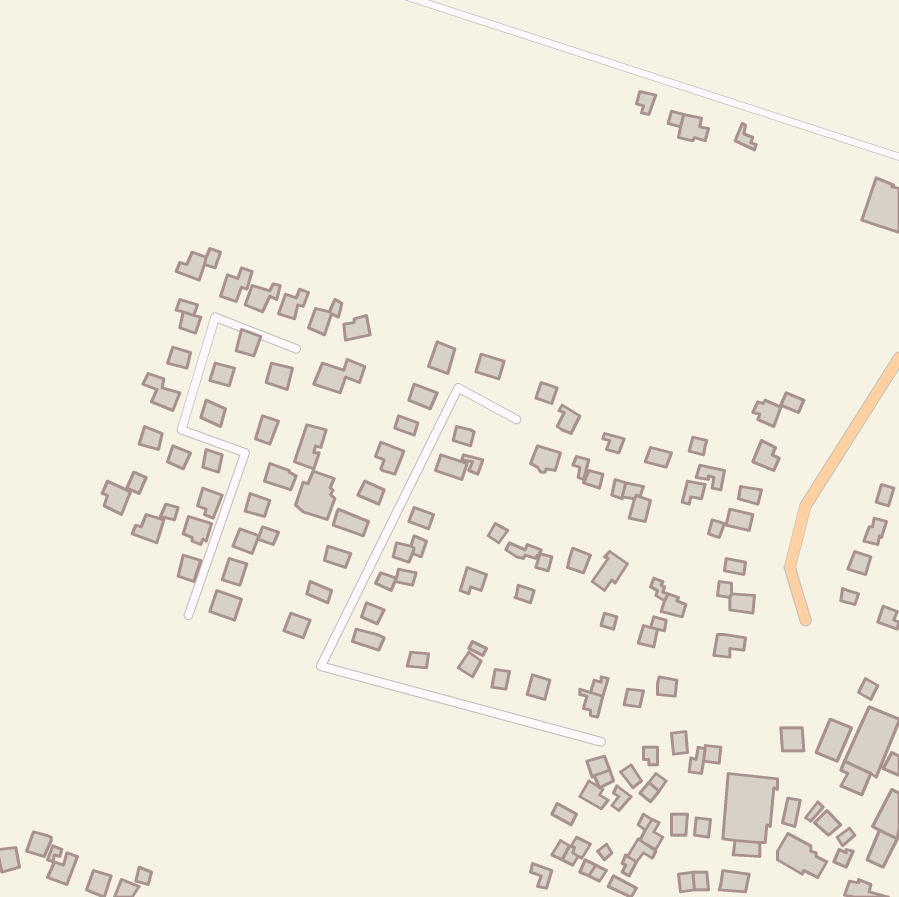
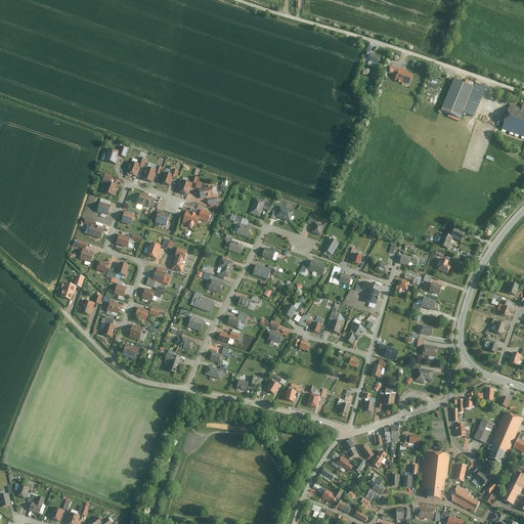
building: none -> [442,79,488,118]
building: [295,471,335,519] -> none

